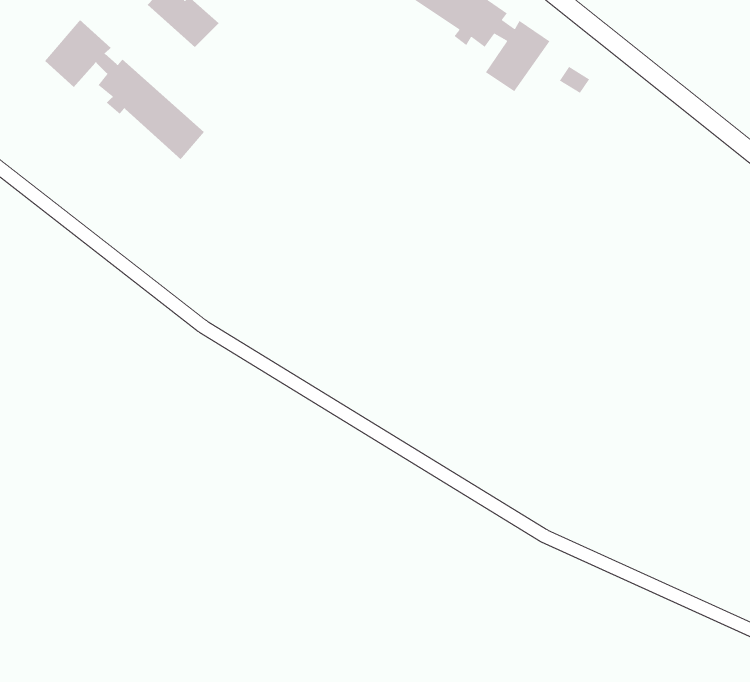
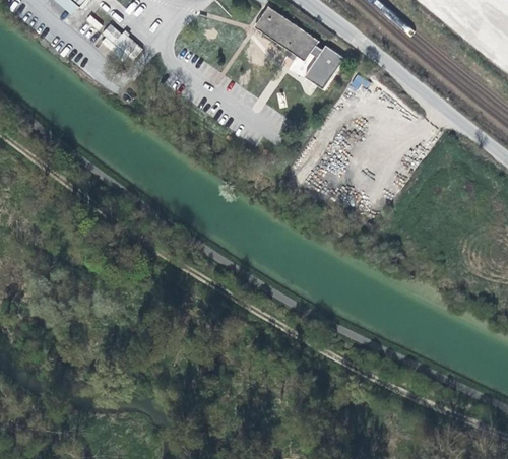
building: [44,19,205,160] -> none

